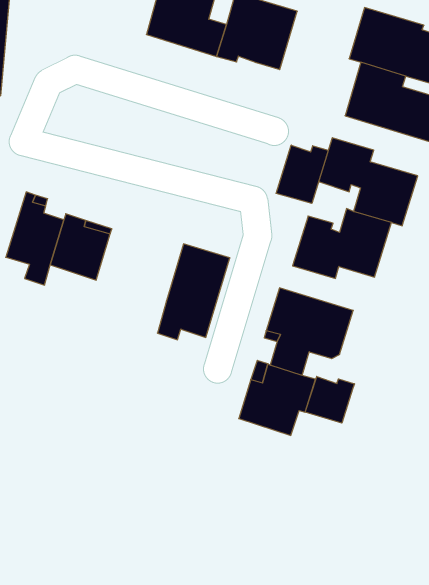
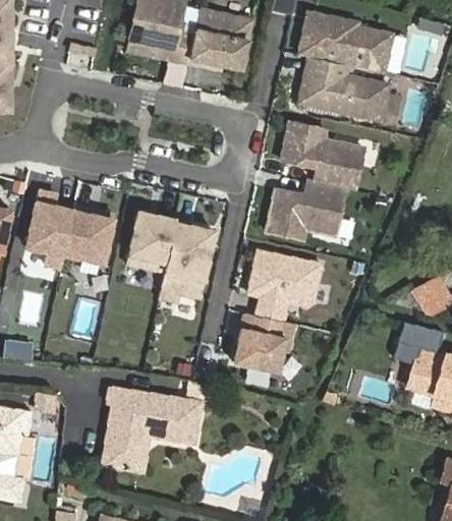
building: [276,145,328,203] -> none
building: none -> [127,212,175,271]
building: [305,376,354,423] -> none
building: none -> [111,389,221,474]

